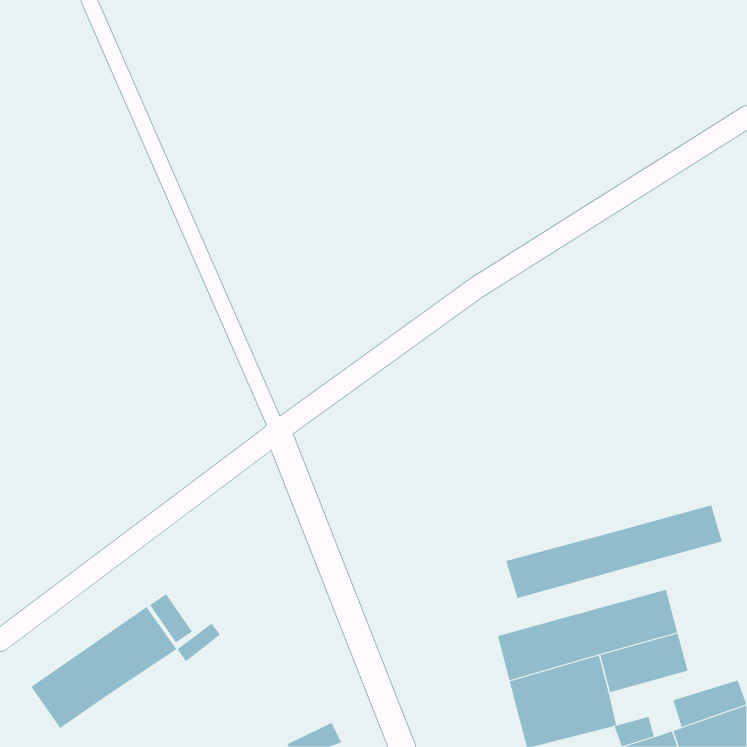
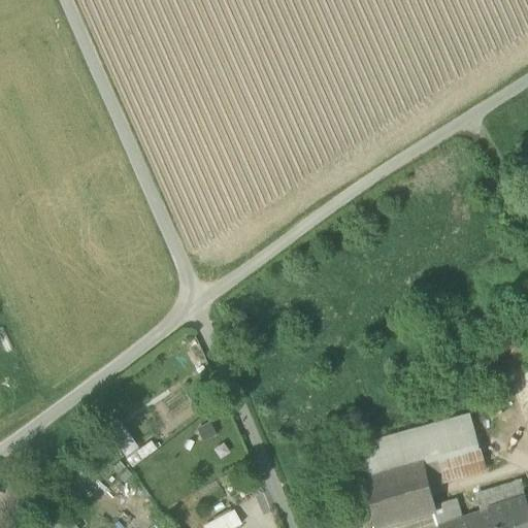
building: [505,504,722,599] -> none
building: [31,606,177,729] -> none

